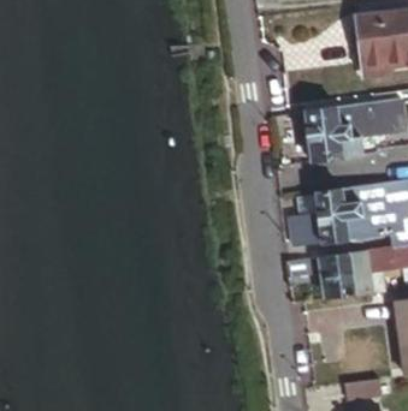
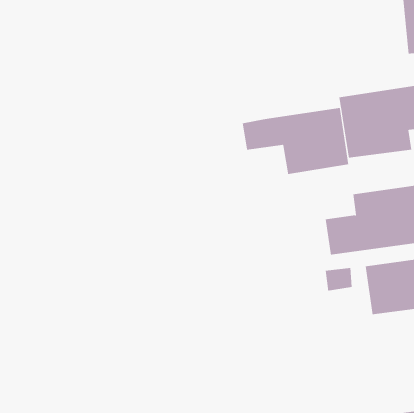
building: none -> [242,107,349,175]

